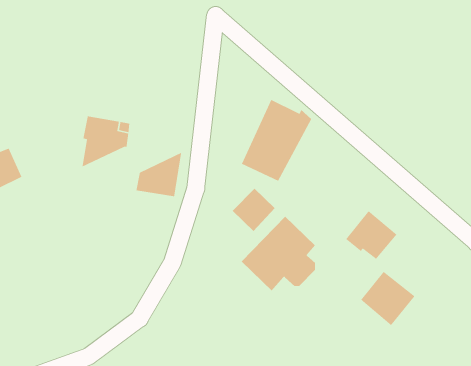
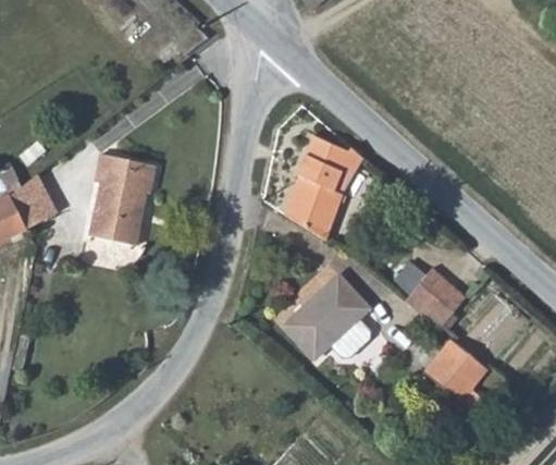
building: none -> [12,178,55,227]
building: [135,151,182,197] -> [91,192,146,245]
building: [232,188,276,232] -> none

